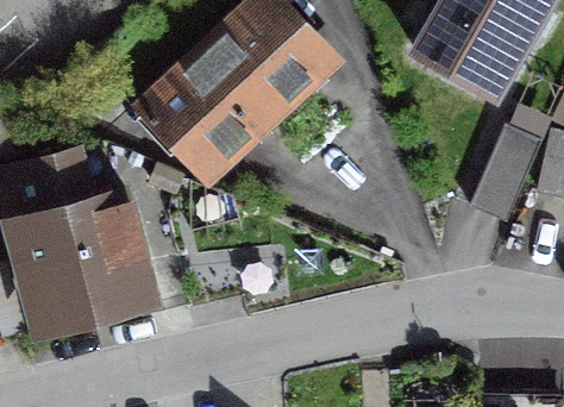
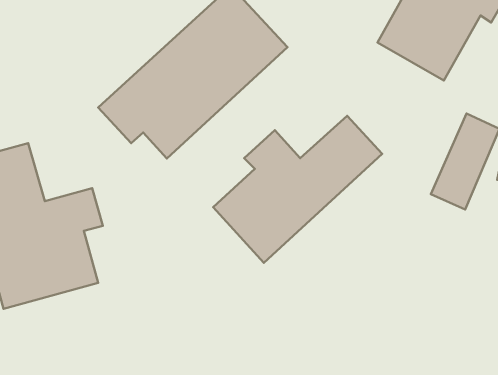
building: none -> [213,116,382,263]

